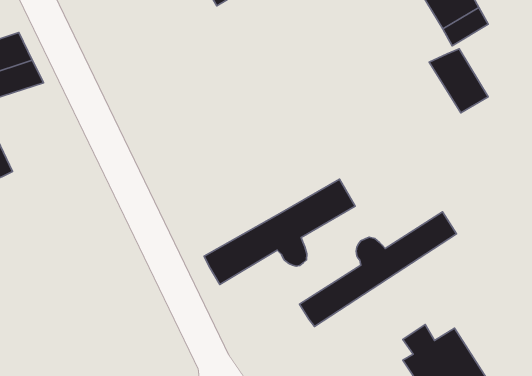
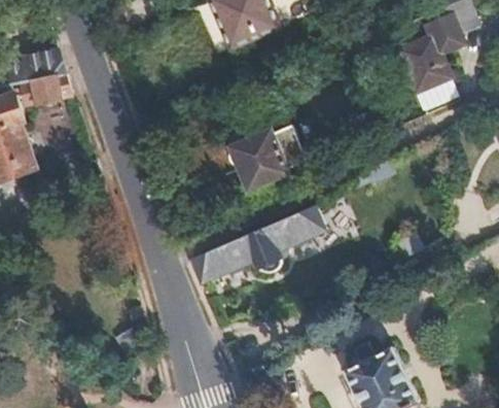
building: [429,49,488,113] -> none
building: none -> [224,125,304,188]
building: [300,212,457,327] -> none

